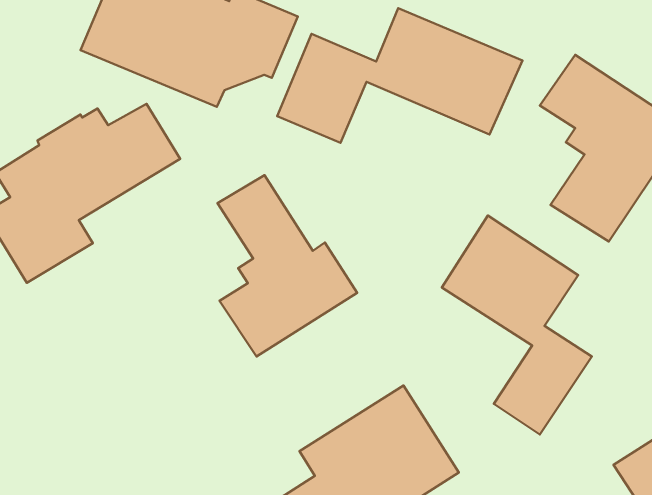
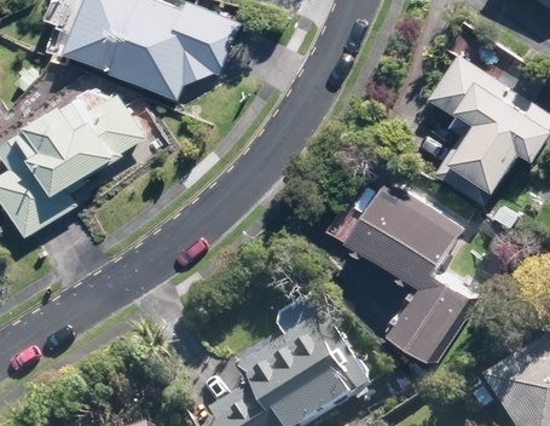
building: [277,8,523,143] -> none
building: [218,175,357,356] -> none

